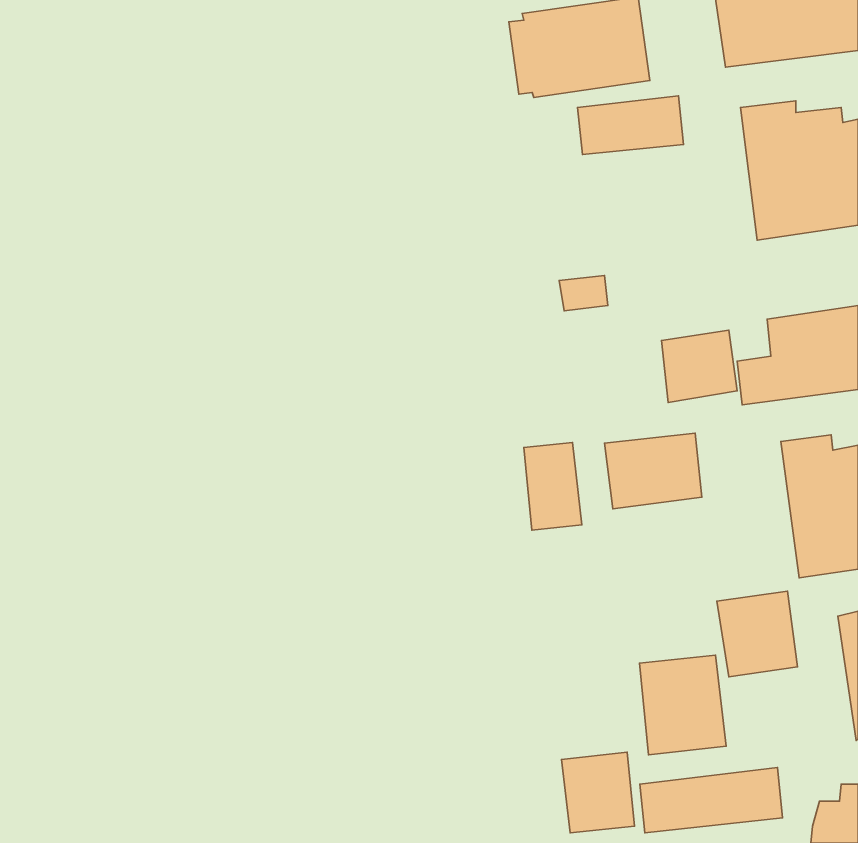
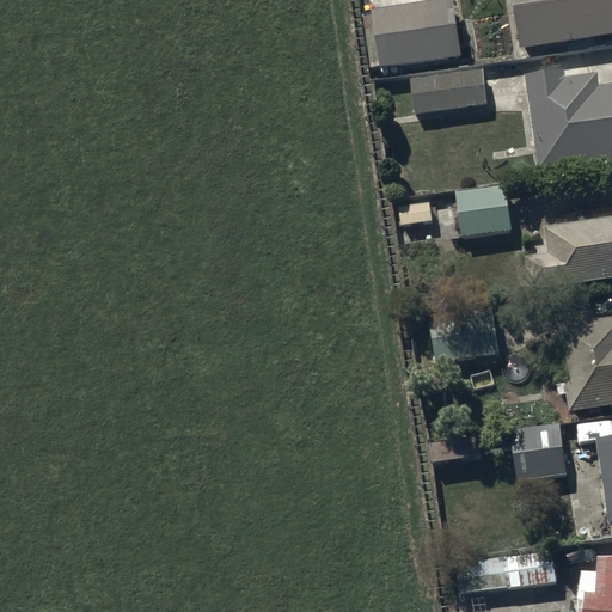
building: [662,330,737,403] -> [458,184,512,235]
building: [524,442,582,530] -> none
building: [639,655,726,755] -> none
building: [562,752,634,833] -> none

